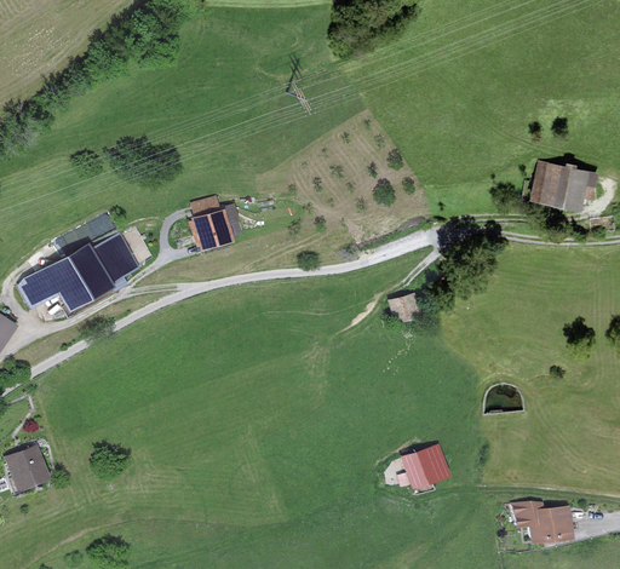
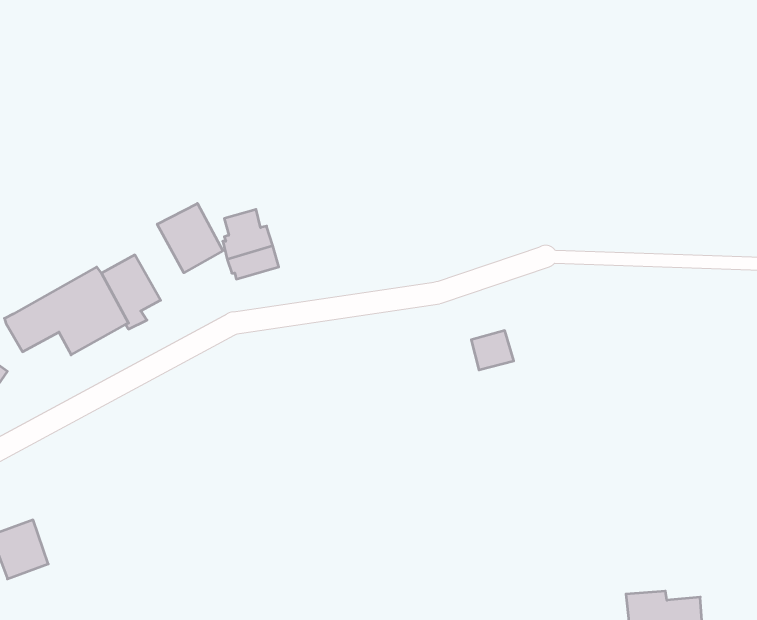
building: [532,161,599,209] -> none
building: none -> [157,203,223,273]
building: [396,444,449,489] -> none

